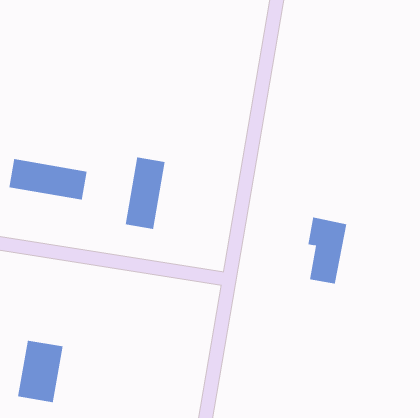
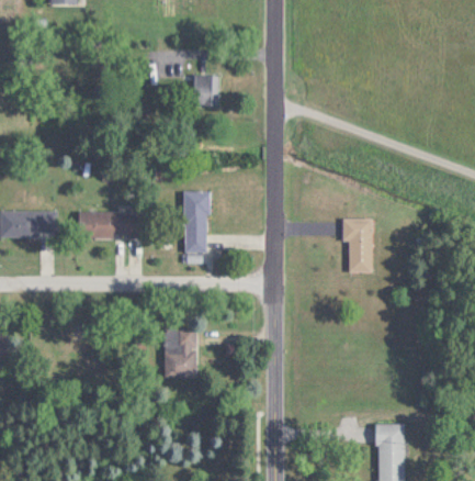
building: none -> [194,75,218,105]
building: [17,340,63,403] -> [165,328,196,378]

